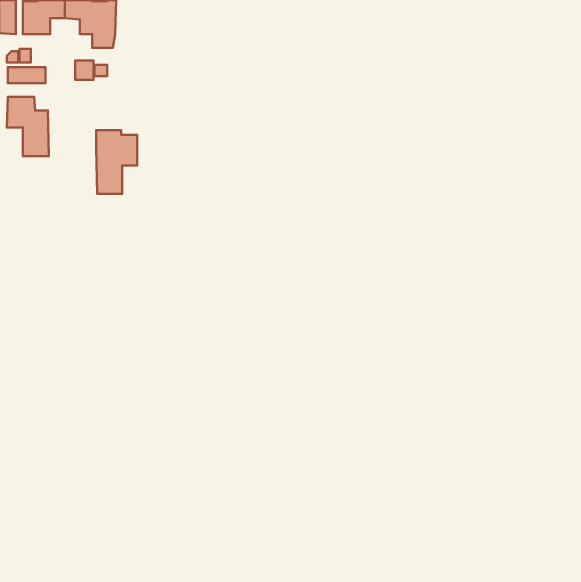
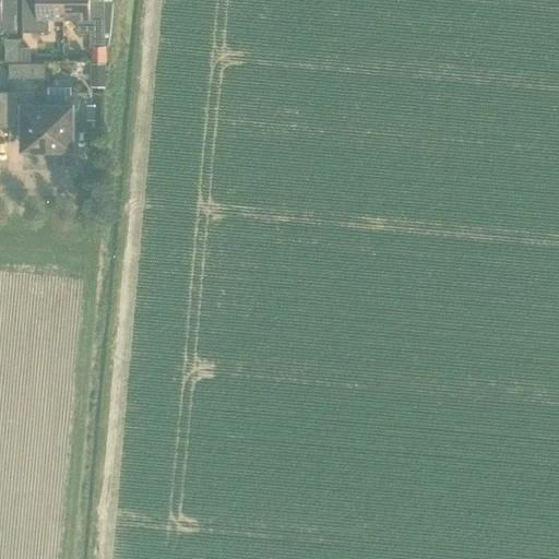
building: [96,130,137,194] -> [46,88,85,150]

